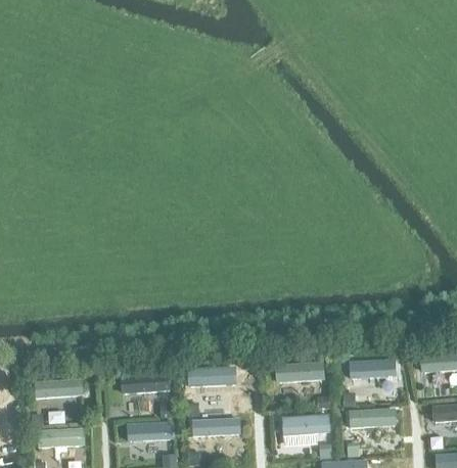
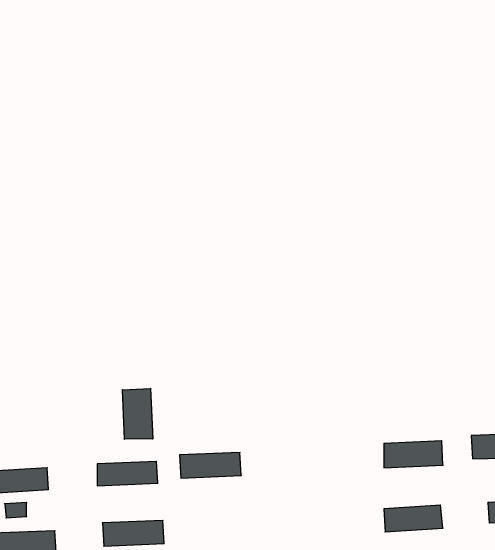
building: none -> [122,388,153,439]
building: [275,359,324,381] -> none
building: [281,413,329,435] -> none
building: [191,416,240,437] -> none

